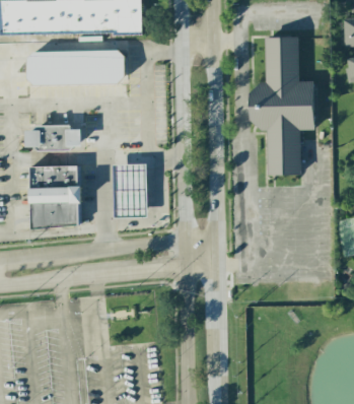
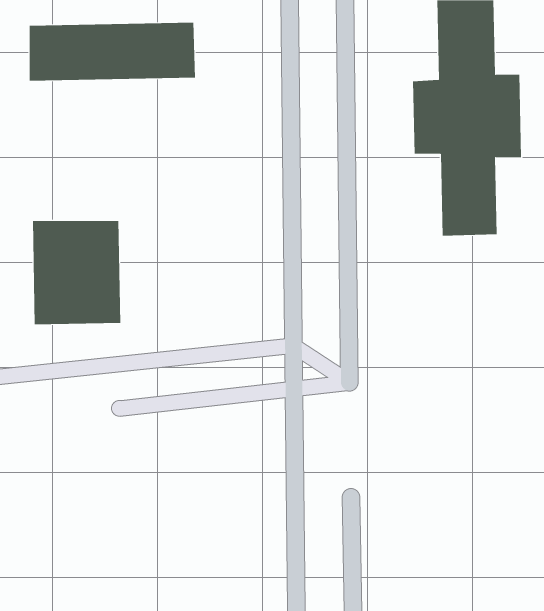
building: [25,126,82,148] -> none
building: [114,163,148,217] -> none

